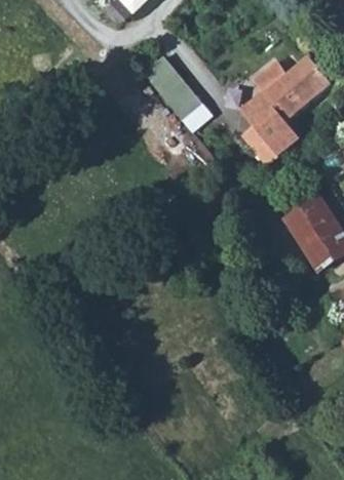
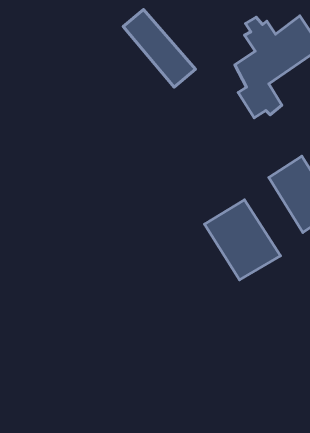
building: none -> [205,200,281,280]

